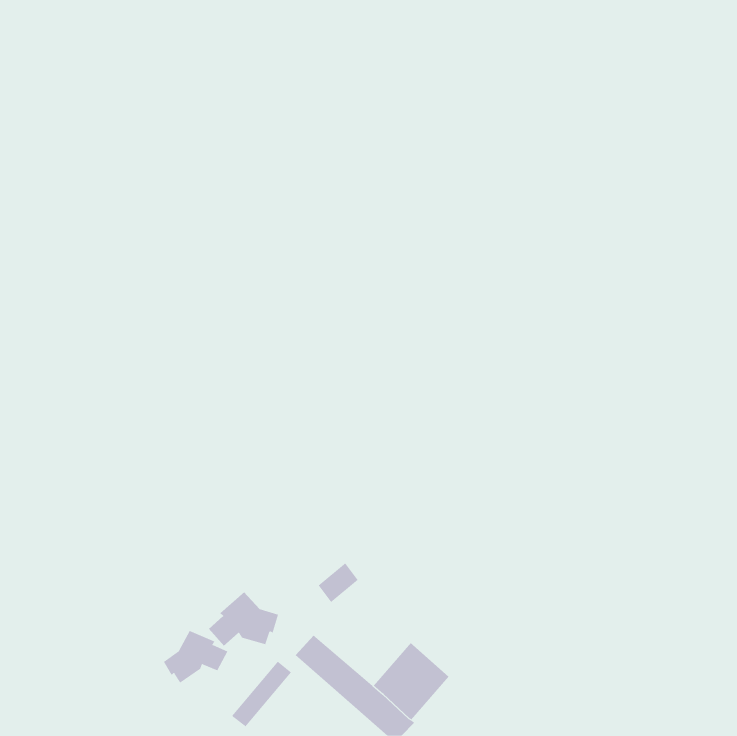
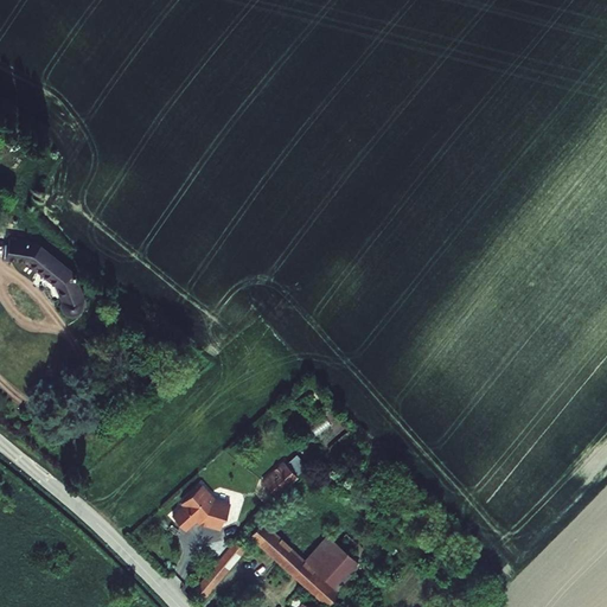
building: none -> [7,238,88,315]
building: [163,630,228,684] -> none

